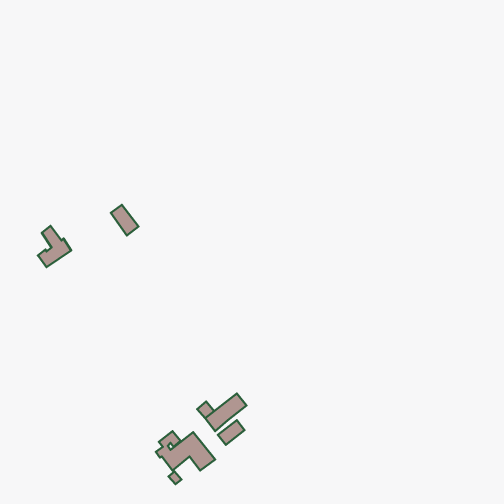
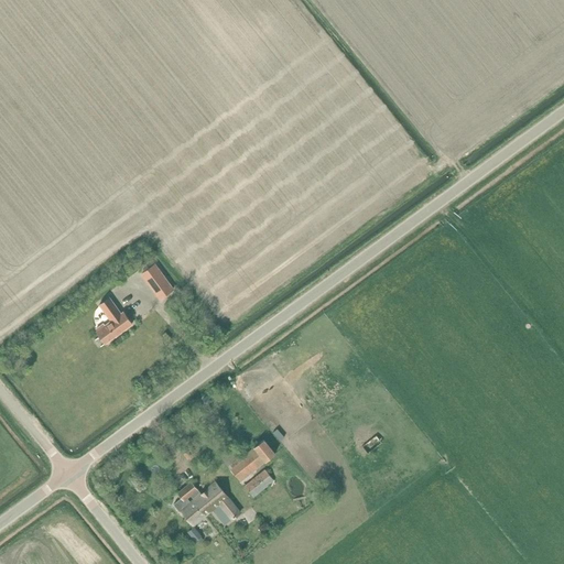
building: [111,205,139,235] -> [142,264,173,299]
building: [38,226,71,267] -> [95,296,132,343]

